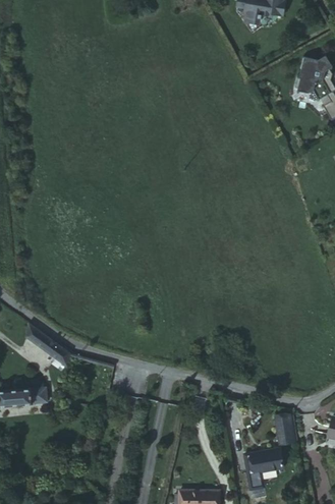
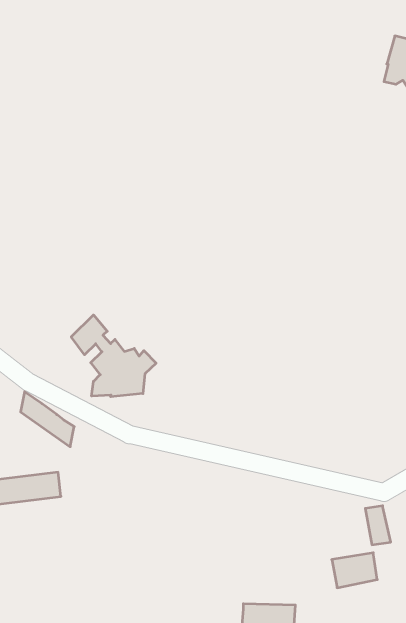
building: none -> [71,315,156,397]

